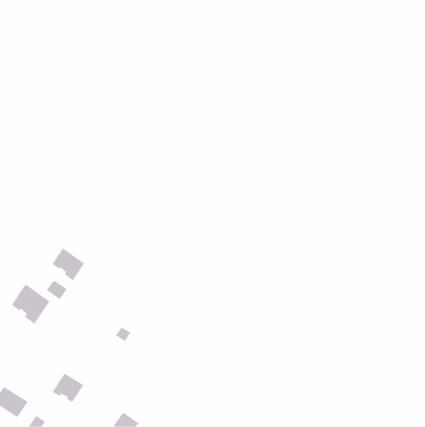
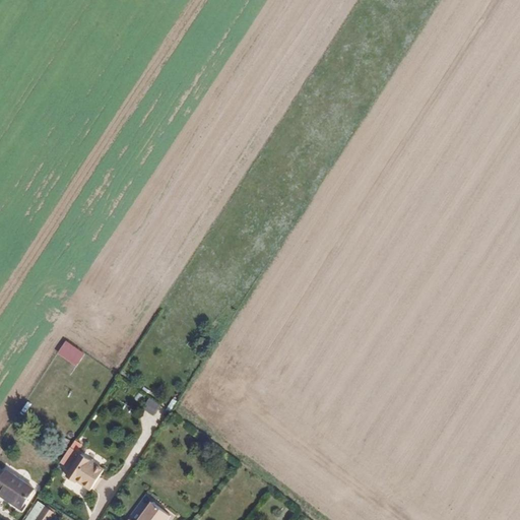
building: [52,247,85,281] -> none
building: [11,283,50,325] -> none

